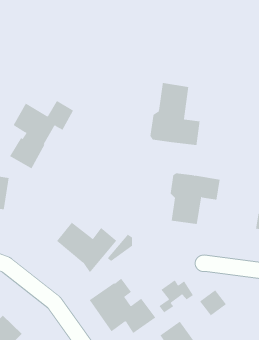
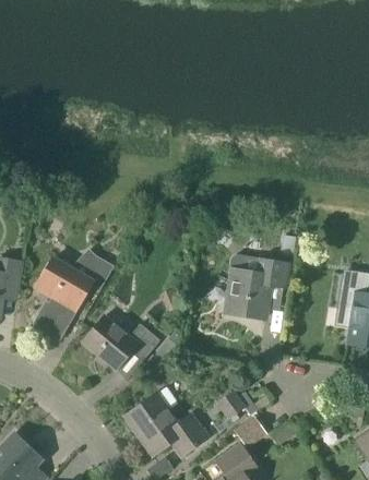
building: [150,82,200,146] -> none
building: [9,100,74,169] -> [32,253,114,340]
building: [199,290,227,316] -> [233,415,267,448]

